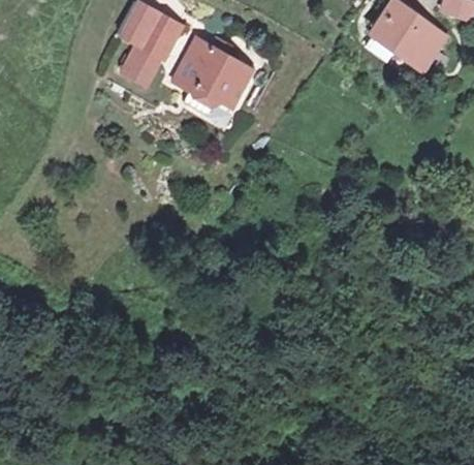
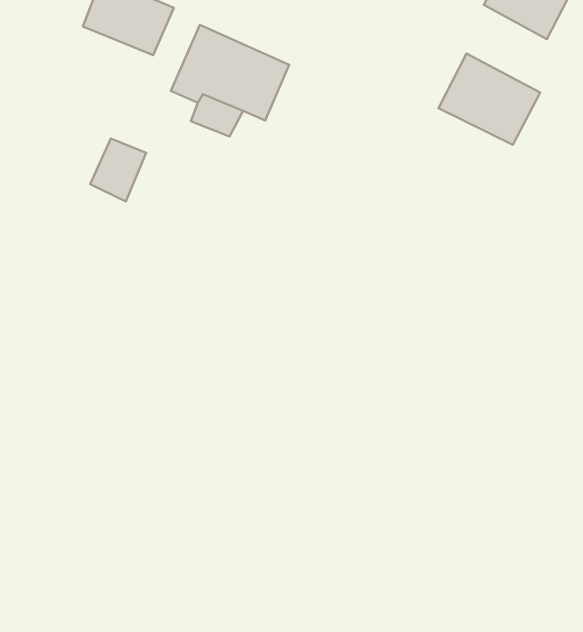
building: [125,37,164,80] -> [90,139,146,202]
building: none -> [438,54,540,145]

